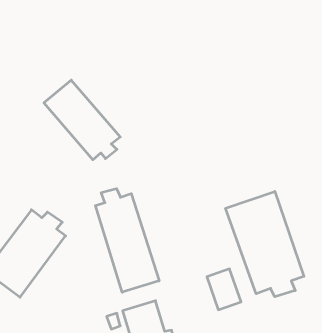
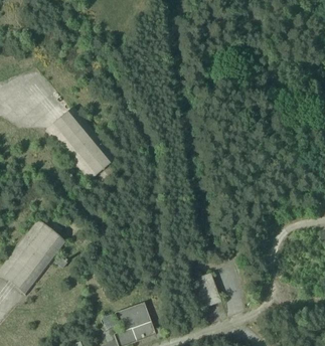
building: [95,189,159,292] -> none
building: [226,191,304,297] -> none

